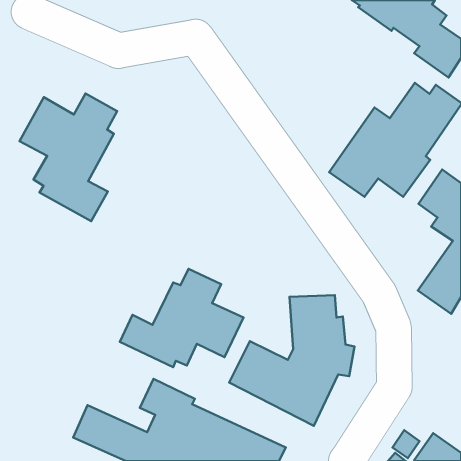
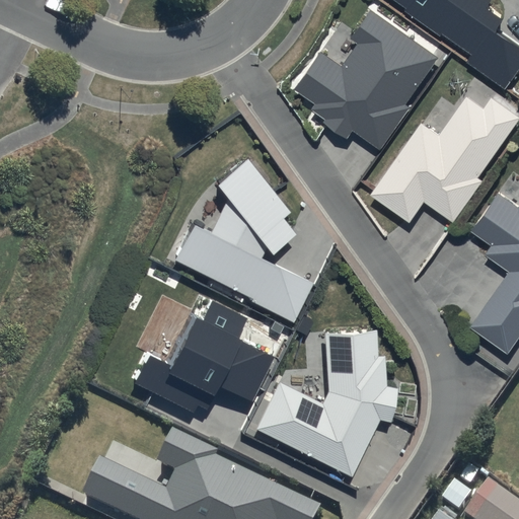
building: none -> [292,7,438,148]
building: [20,94,117,221] -> none
building: none -> [175,158,313,323]

